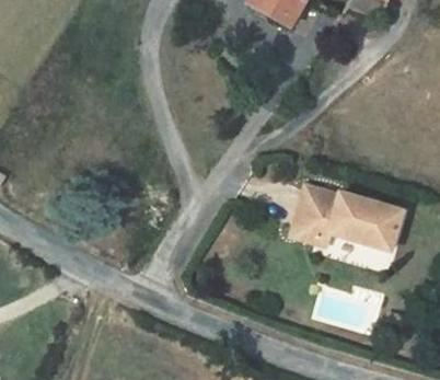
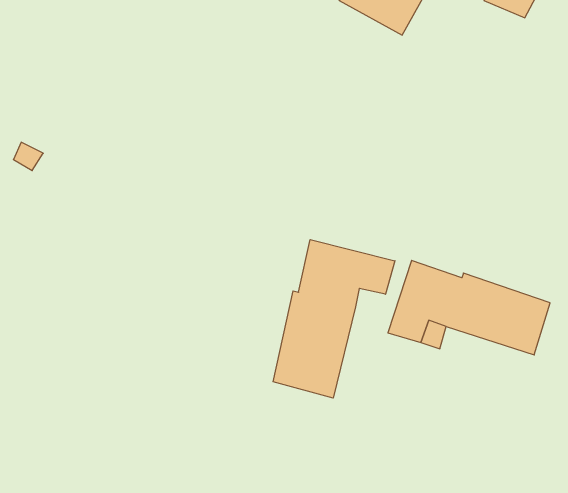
building: none -> [273,240,395,398]

